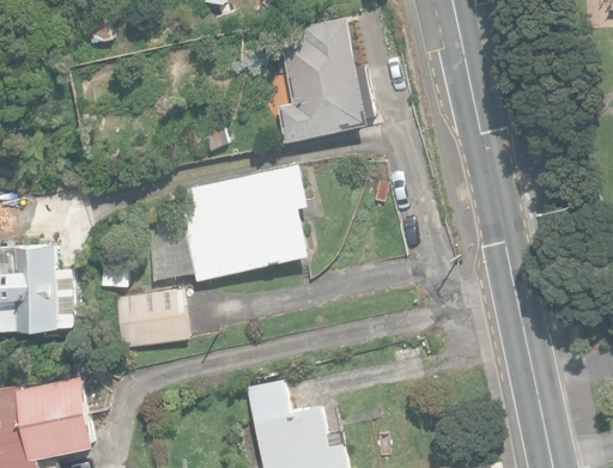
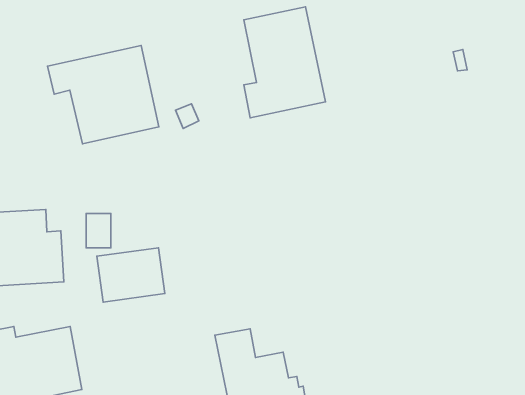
building: none -> [47,45,159,144]
building: [141,160,309,284] -> none

